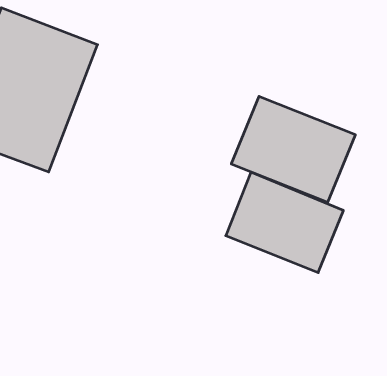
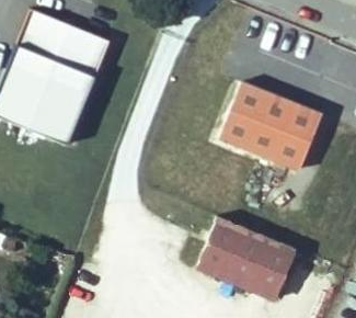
building: [226,172,343,273] -> [198,216,296,299]

